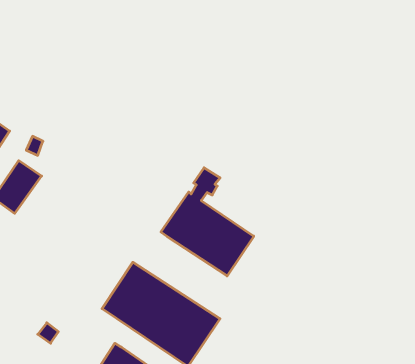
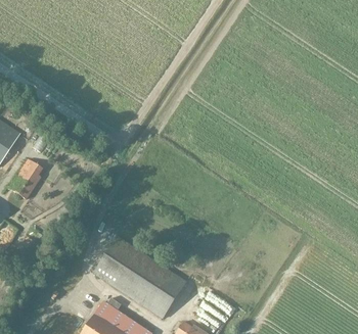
building: [161,168,254,276] -> none

